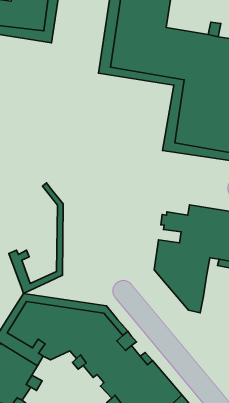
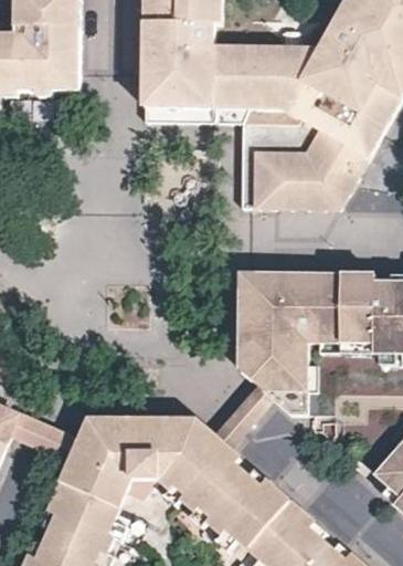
building: [9,183,63,293] -> none
building: none -> [238,271,304,408]

